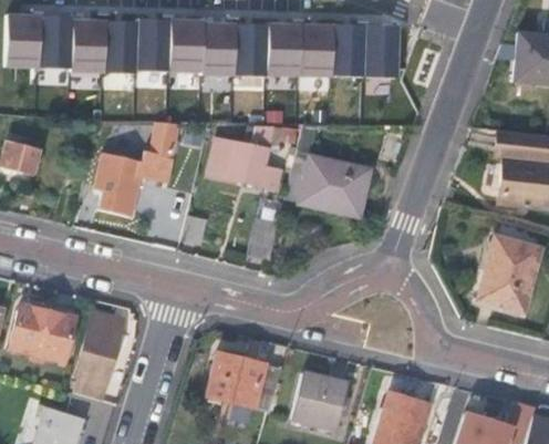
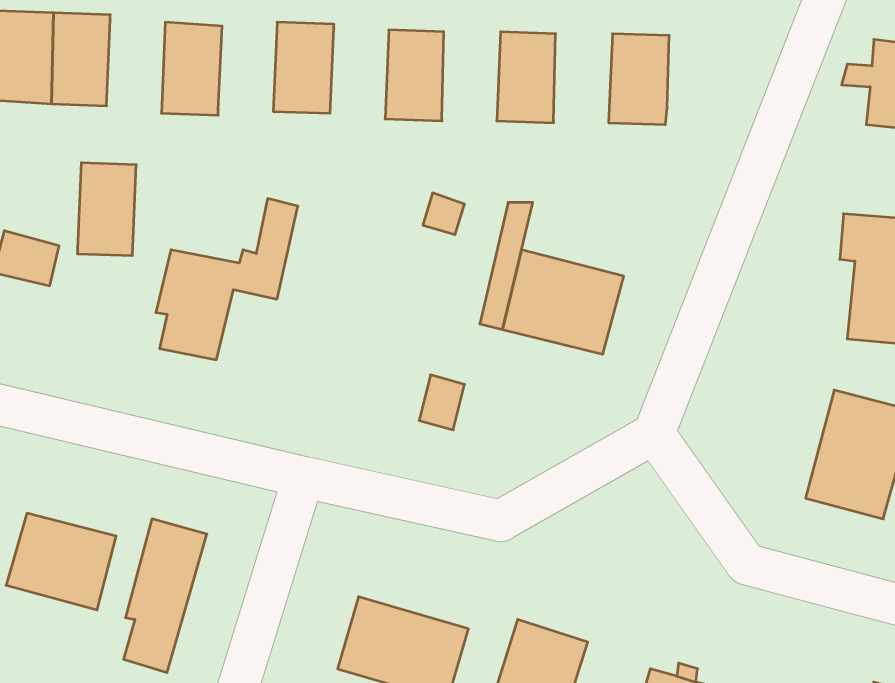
building: [69,19,103,73] -> [77,163,136,256]
building: [134,19,168,72] -> none
building: [199,23,234,76] -> none
building: [265,24,299,78] -> none
building: [330,25,364,79] -> none
building: [213,140,283,188] -> none

